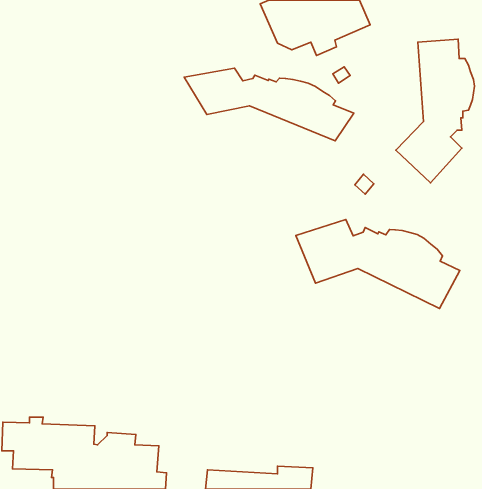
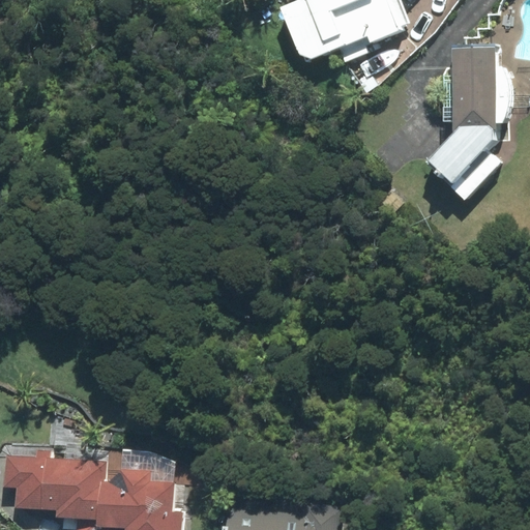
building: [184,68,354,141] -> none
building: [296,220,460,308] -> none

